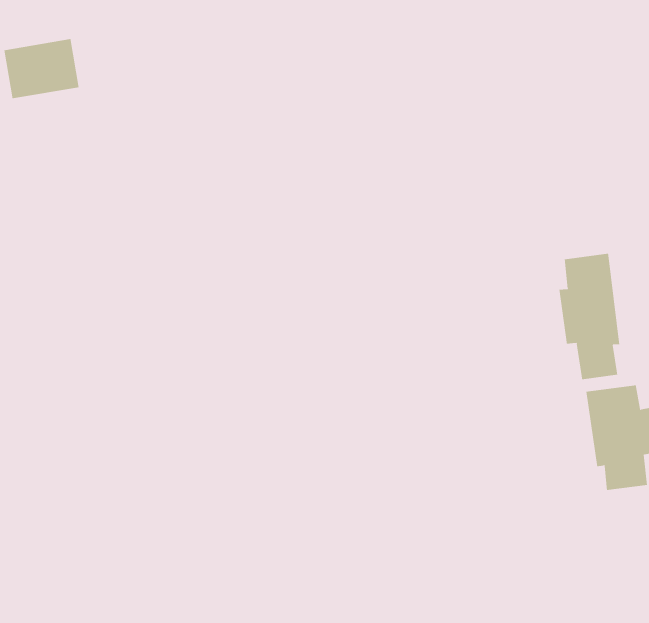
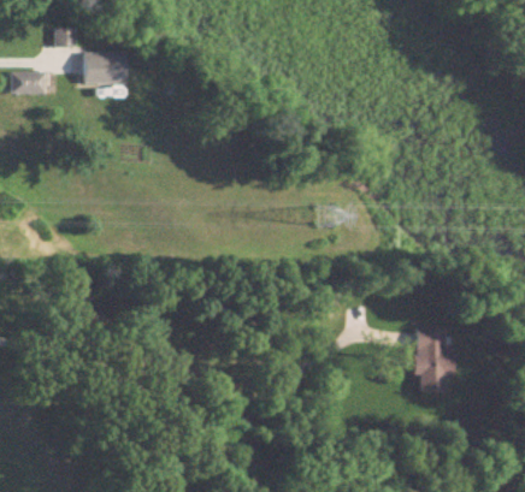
building: [559,253,620,380] -> none

